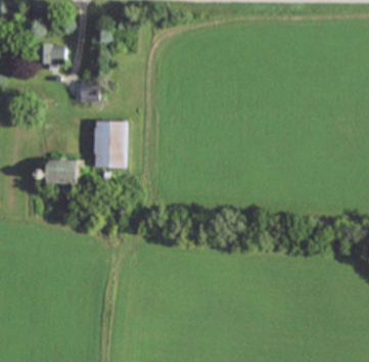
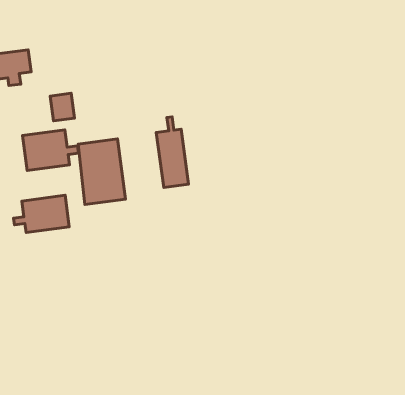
building: none -> [22,130,79,170]
building: none -> [156,117,189,187]

